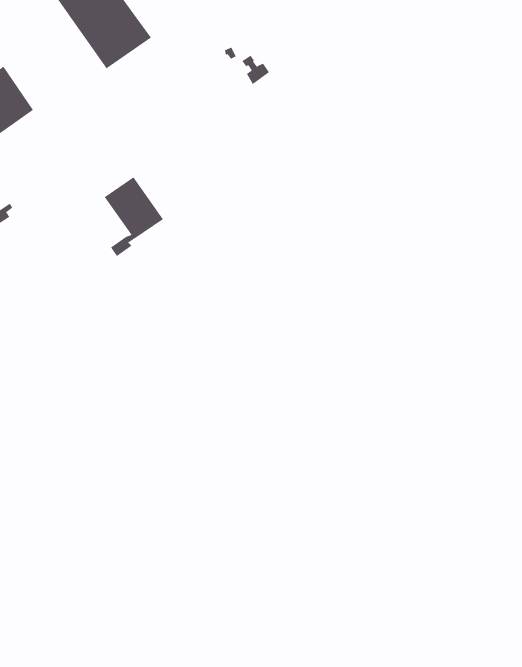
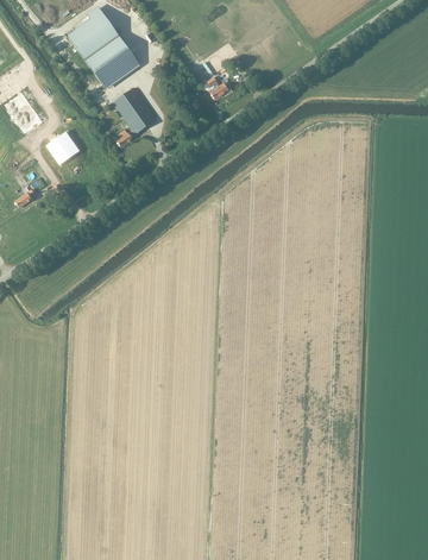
building: none -> [45,131,78,164]
building: [104,177,164,257] -> [112,87,157,147]

